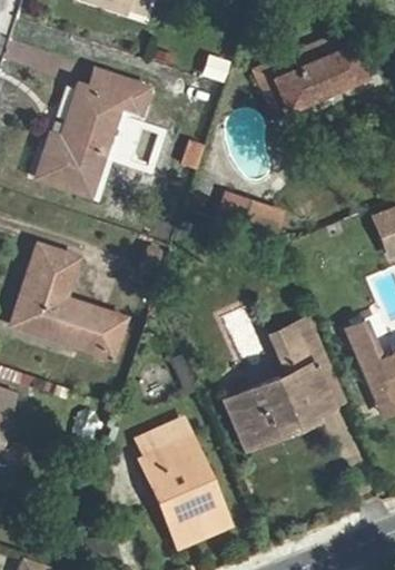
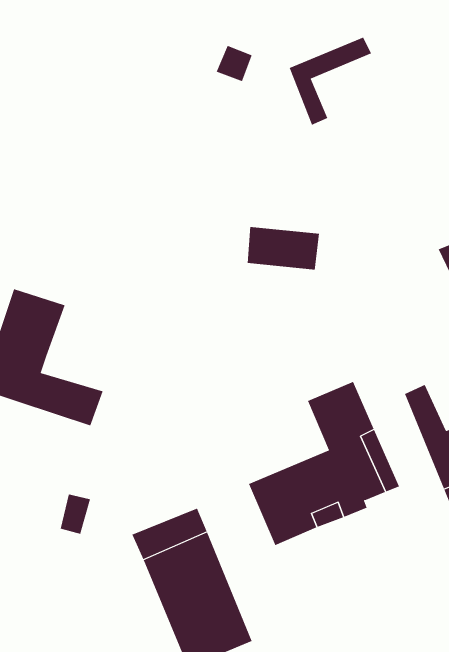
building: [275,32,366,110] -> none
building: [34,70,151,195] -> none
building: [61,298,127,358] -> none

